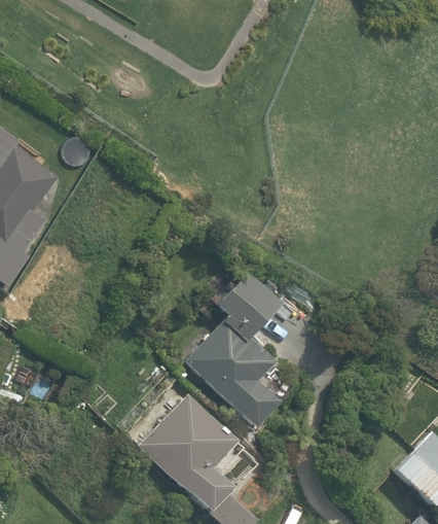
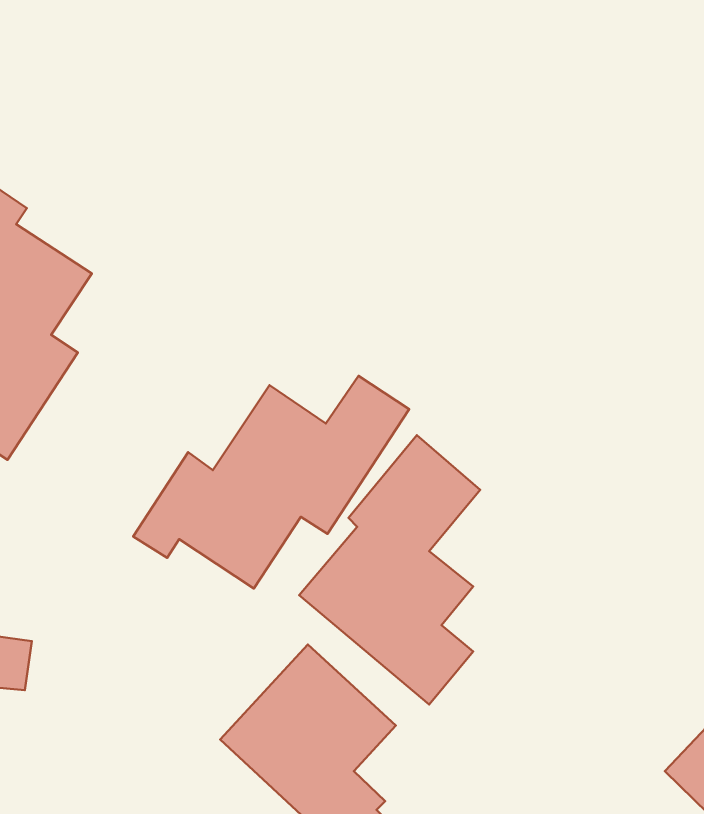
building: none -> [133,376,409,589]

